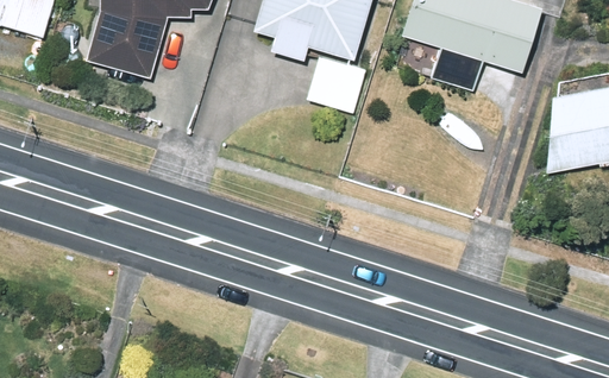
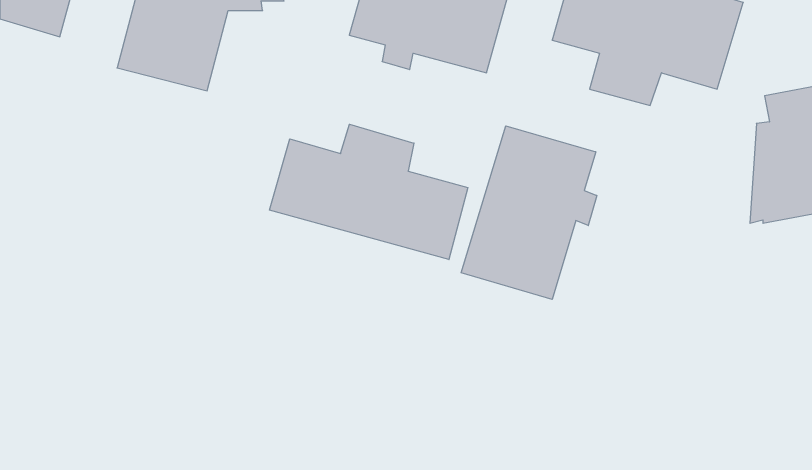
building: none -> [269,124,468,260]
building: none -> [461,126,597,299]

